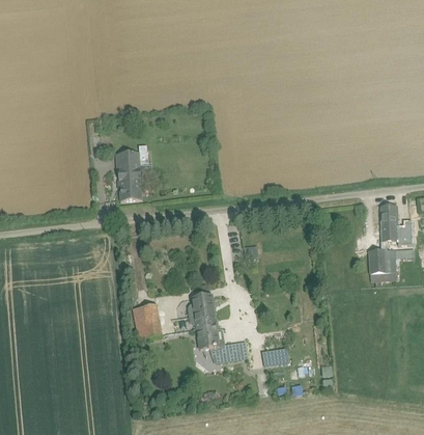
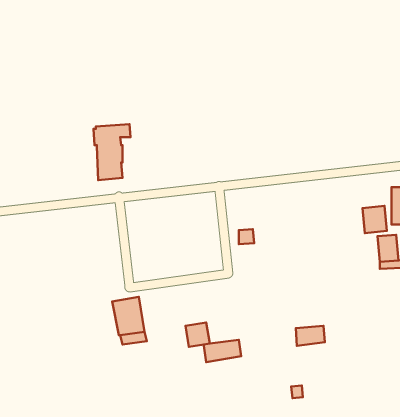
building: none -> [362,206,387,233]
building: [188,294,216,330] -> none
building: [262,347,288,364] -> [296,326,325,346]

